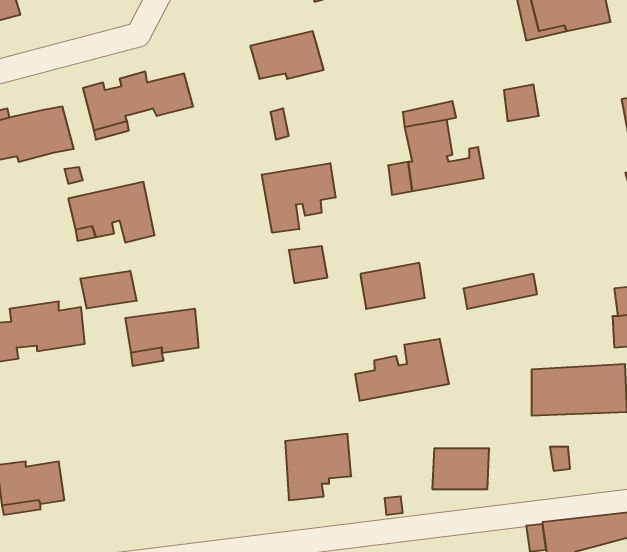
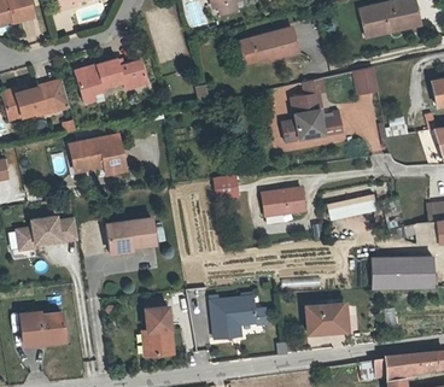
building: [250,31,324,79] -> [256,30,304,61]
building: [262,163,336,233] -> none
building: [80,271,137,309] -> none
building: [355,339,449,401] -> none
building: none -> [145,310,174,359]

